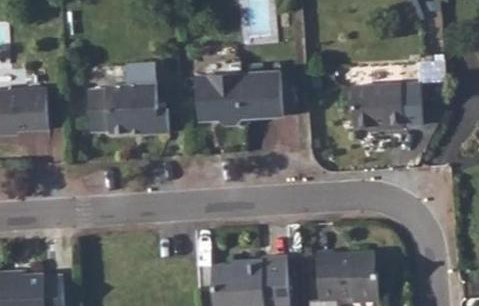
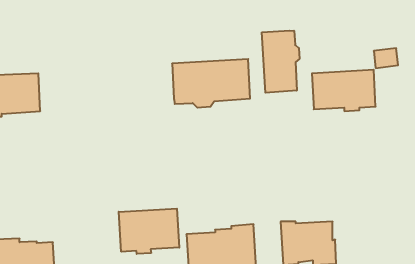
building: none -> [262,31,300,93]
building: [86,61,168,134] -> none
building: none -> [119,209,179,254]

